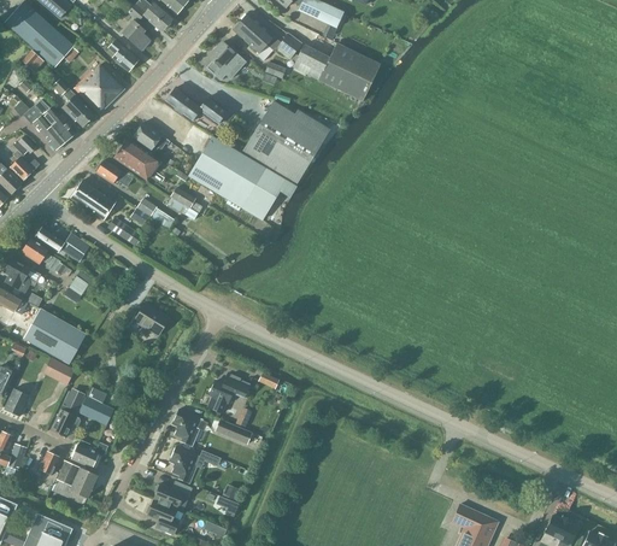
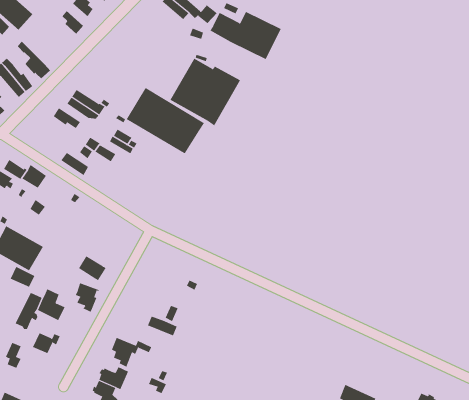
building: [206,42,246,80] -> none
building: [74,65,123,113] -> none
building: [164,87,227,124] -> none
building: [133,122,170,149] -> none
building: [71,178,116,219] -> none
building: [135,304,170,335] -> [78,256,106,281]
building: [206,372,251,413] -> none
building: [171,409,202,446] -> [75,282,100,313]
building: [55,460,98,499] -> none

